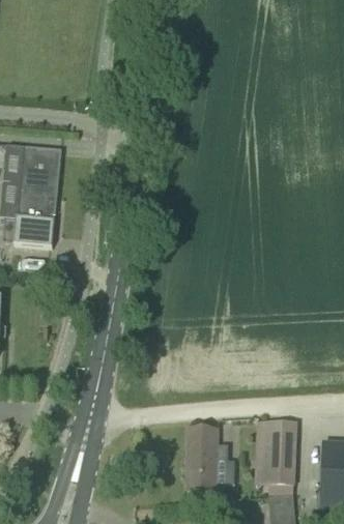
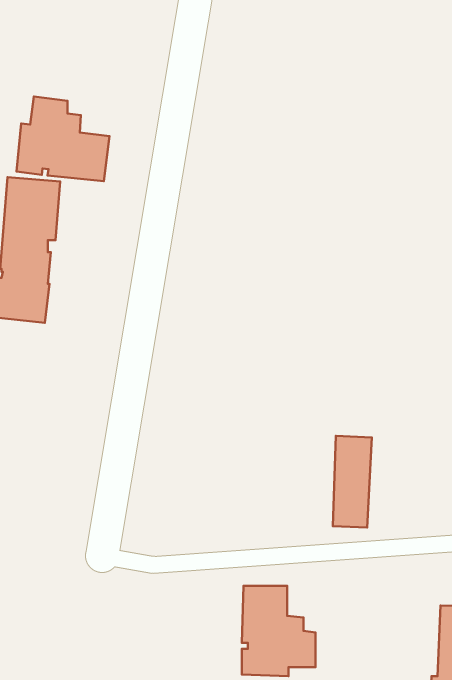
building: none -> [17,97,109,181]
building: [268,418,295,482] -> [333,436,372,528]

